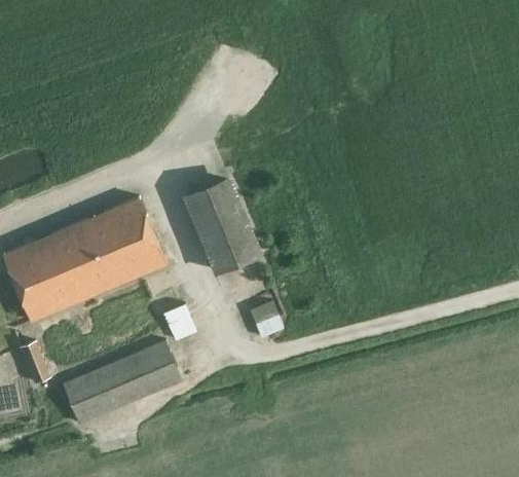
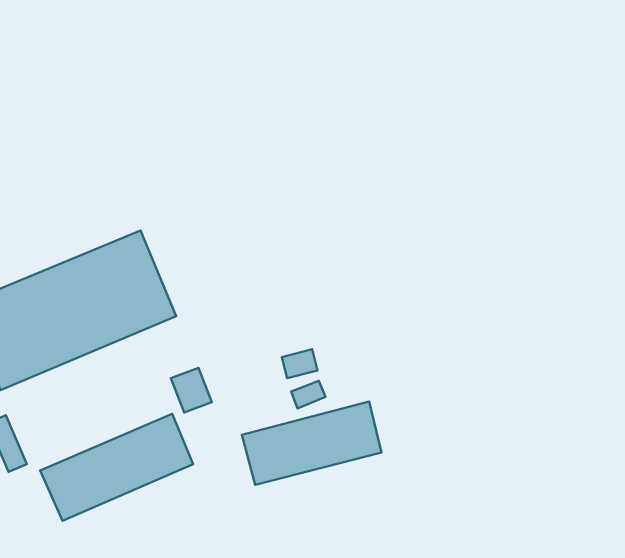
building: [181,175,263,274] -> none
building: none -> [242,402,382,485]

